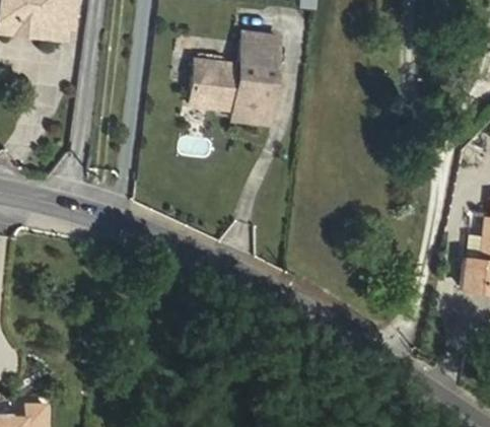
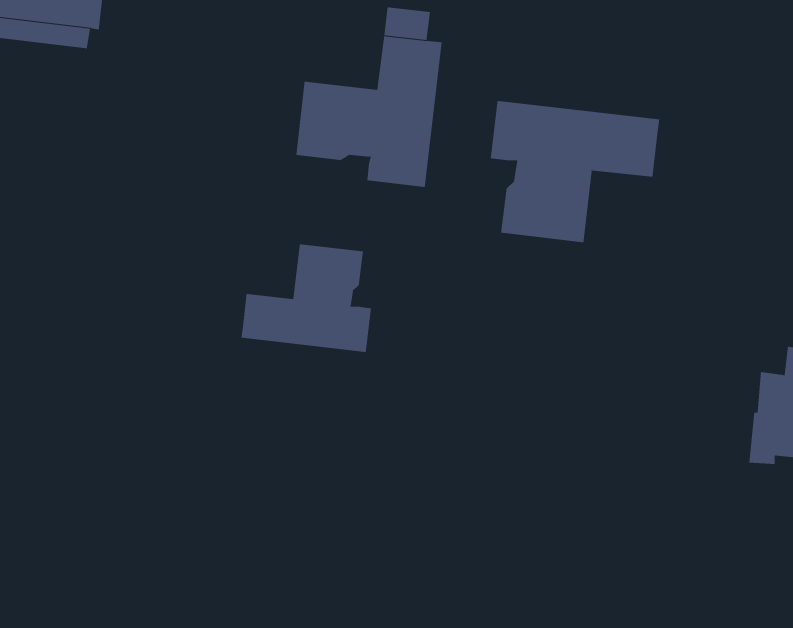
building: none -> [490,100,660,243]
building: none -> [241,243,372,353]

